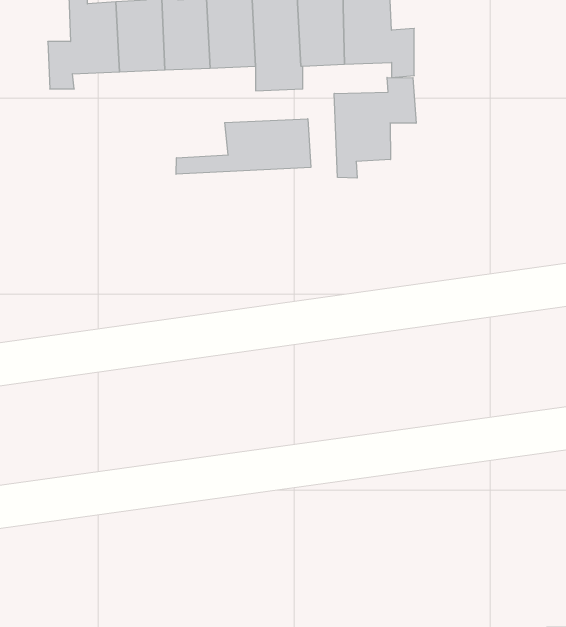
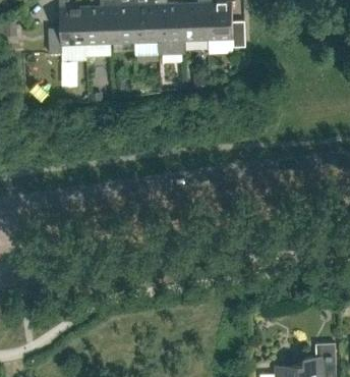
building: [334,77,416,178] -> none
building: [176,119,311,174] -> none

